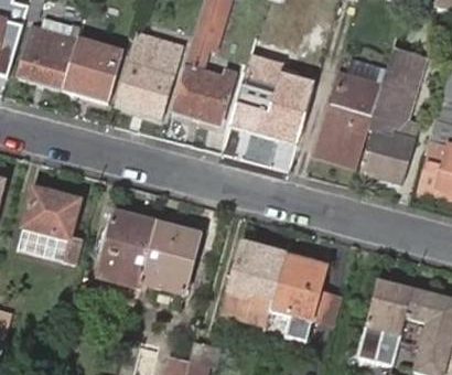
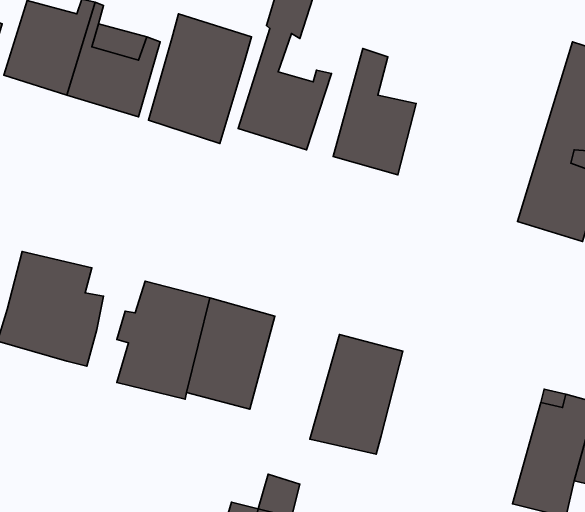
building: [316,73,381,164] -> none
building: [270,256,329,344] -> none

